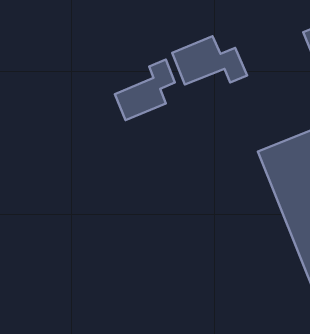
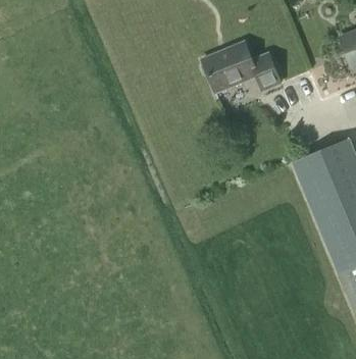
building: [115,60,175,120] -> none

